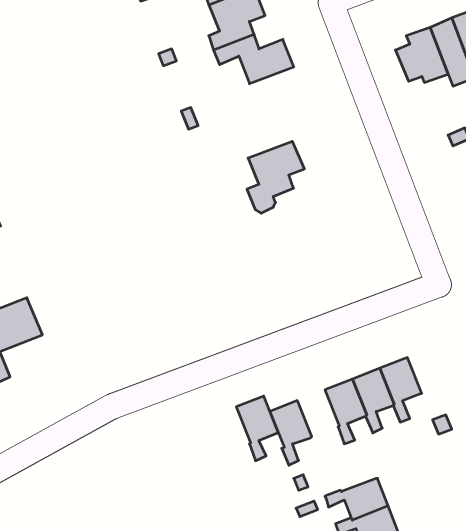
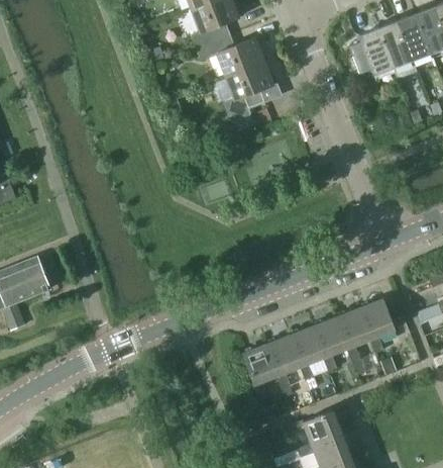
building: [247,141,304,213] -> [224,63,272,123]
building: none -> [358,299,395,354]
building: [236,396,278,461] -> [265,336,301,390]

